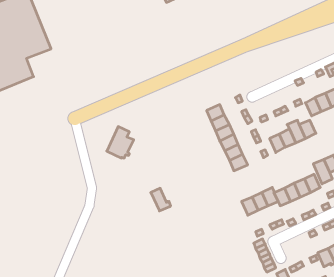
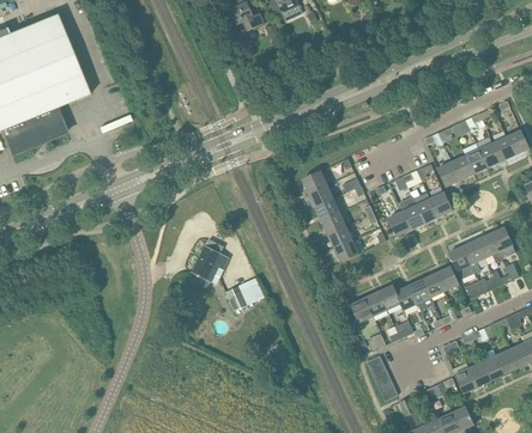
building: [107,127,134,158] -> [192,238,229,281]

